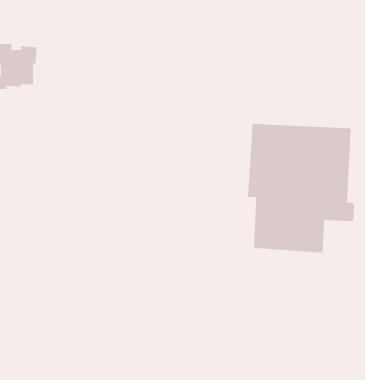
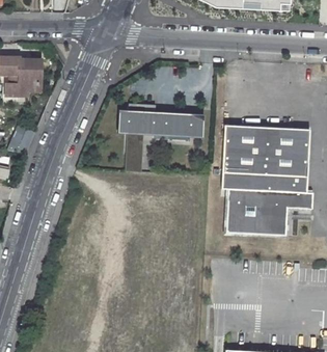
building: none -> [119,104,207,171]

